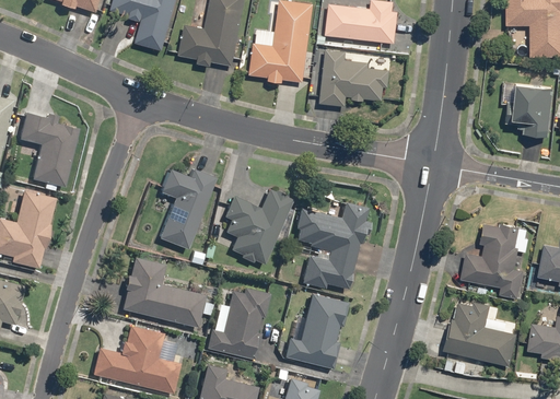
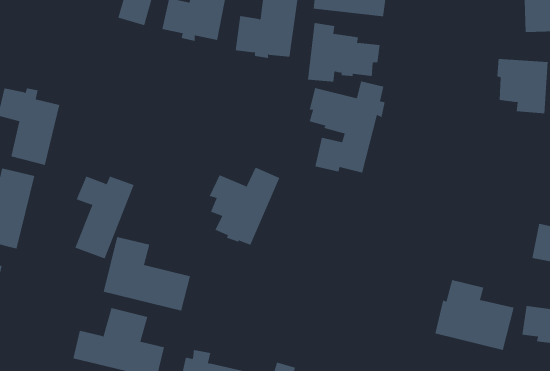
building: [159,169,217,250] -> [75,176,134,259]
building: [295,201,370,291] -> [309,81,385,173]
building: [460,224,529,300] -> none
building: [206,287,270,361] -> none
building: [284,294,350,371] -> none

